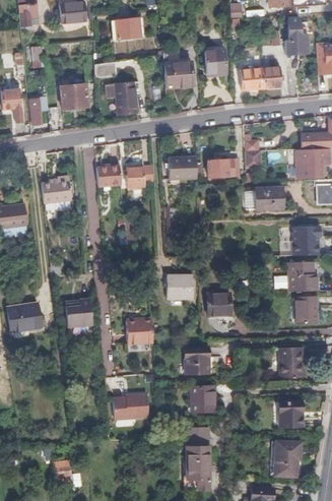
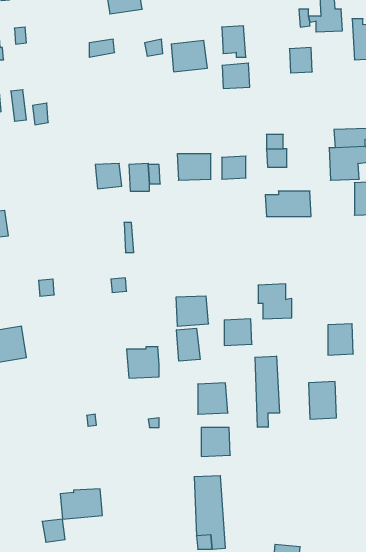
building: [241,67,264,88] -> [222,63,250,88]
building: [60,80,88,107] -> none
building: [107,80,137,111] -> none
building: [42,177,73,203] -> none
building: [291,227,320,256] -> none
building: [288,263,317,293] -> [258,284,292,319]
building: [67,297,95,325] -> none
building: none -> [177,328,200,361]
building: none -> [255,356,280,427]
building: [114,395,149,421] -> [60,489,102,519]
building: [278,399,303,423] -> none
building: [273,439,301,475] -> none

